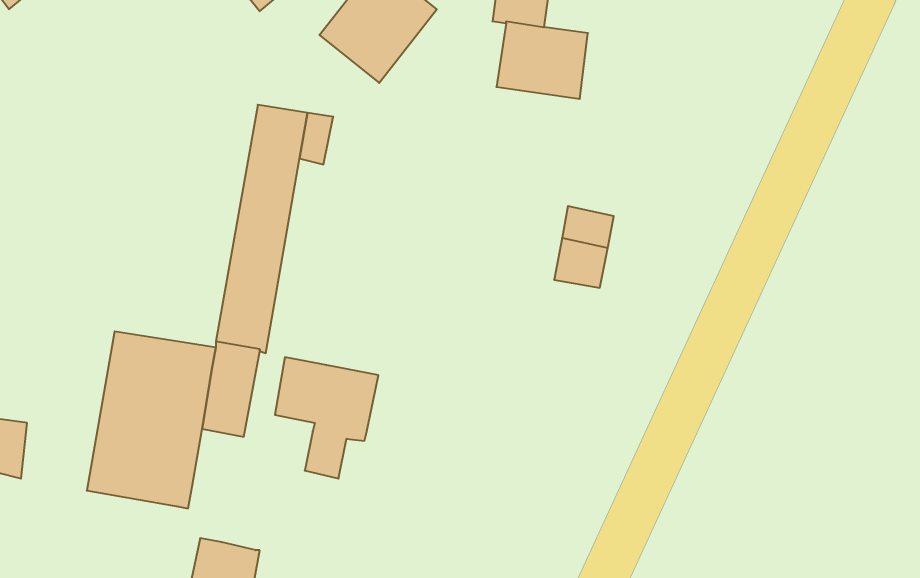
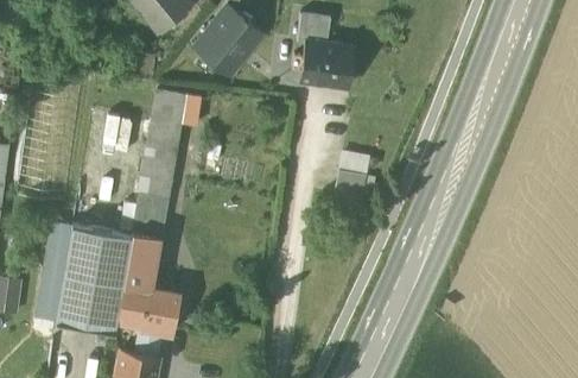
building: none -> [34,221,71,321]
building: [275,357,378,479] -> [117,284,179,357]

